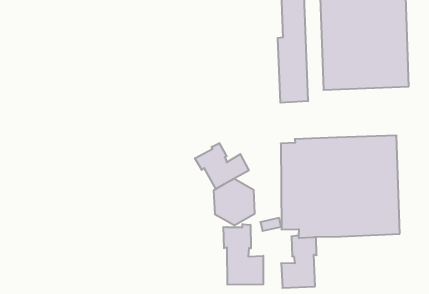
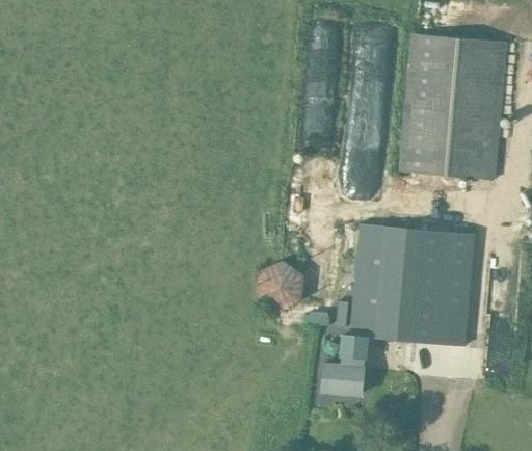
building: [195,143,249,189] -> none
building: [223,224,263,285] -> none

